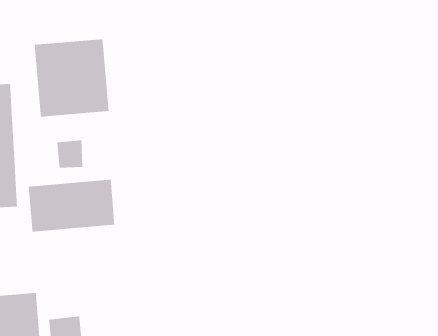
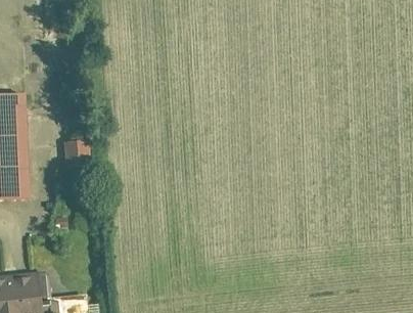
building: [34,38,109,117] -> none
building: [28,179,115,233] -> none

